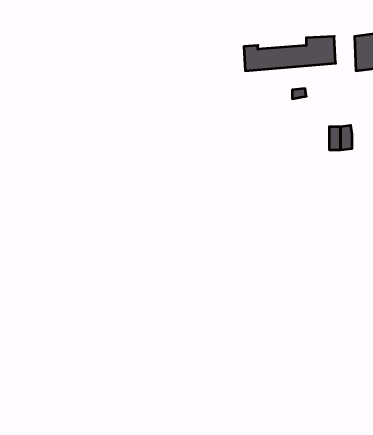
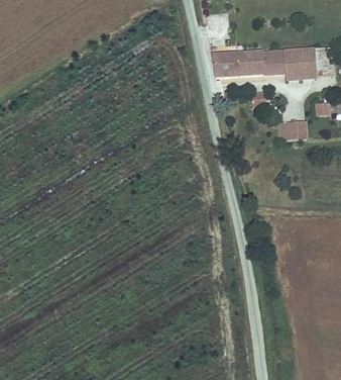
building: none -> [282,50,300,77]

